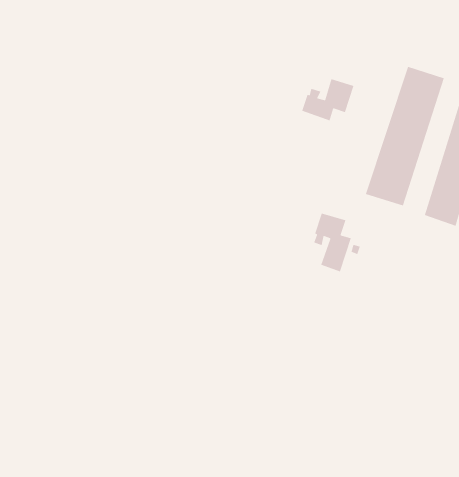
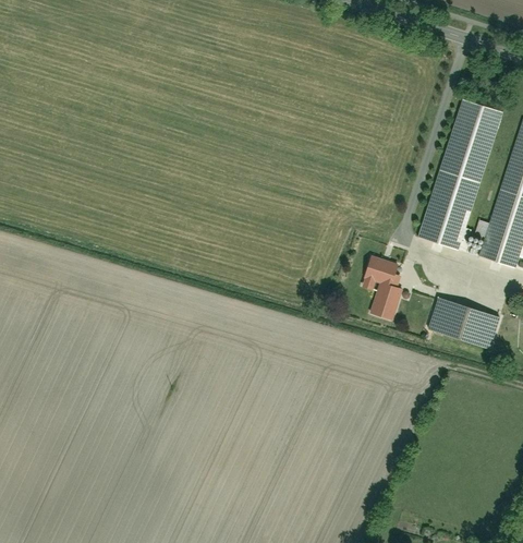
building: [301,78,355,121] -> none
building: none -> [427,298,499,348]

